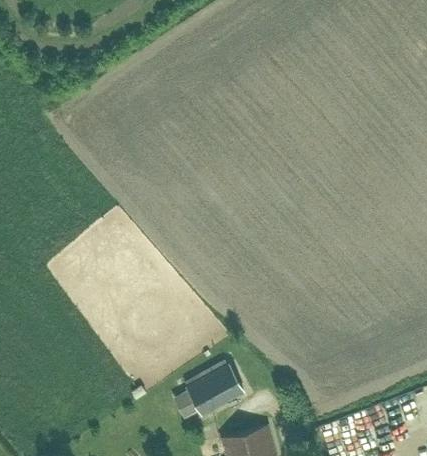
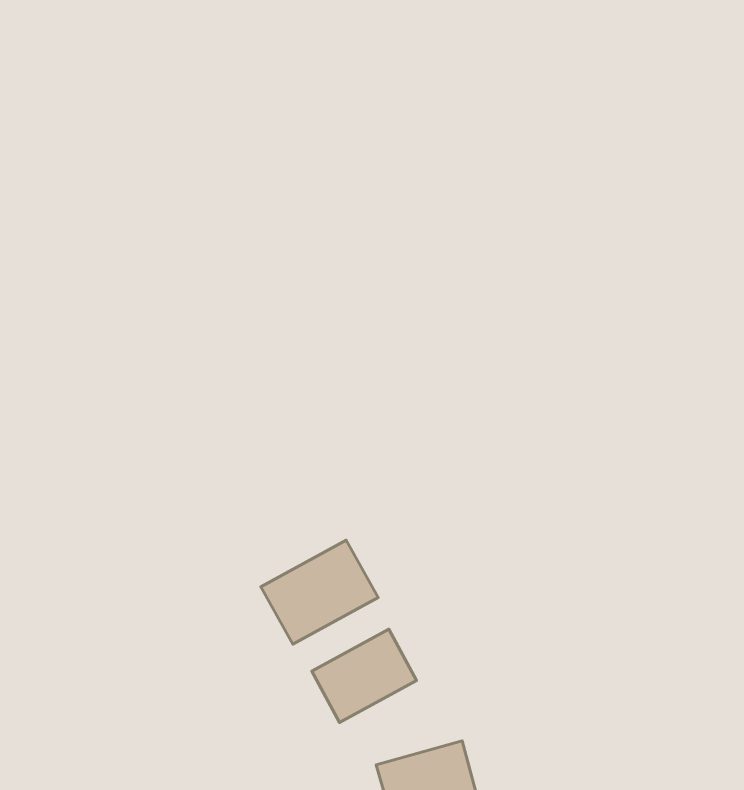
building: none -> [261,540,378,644]

